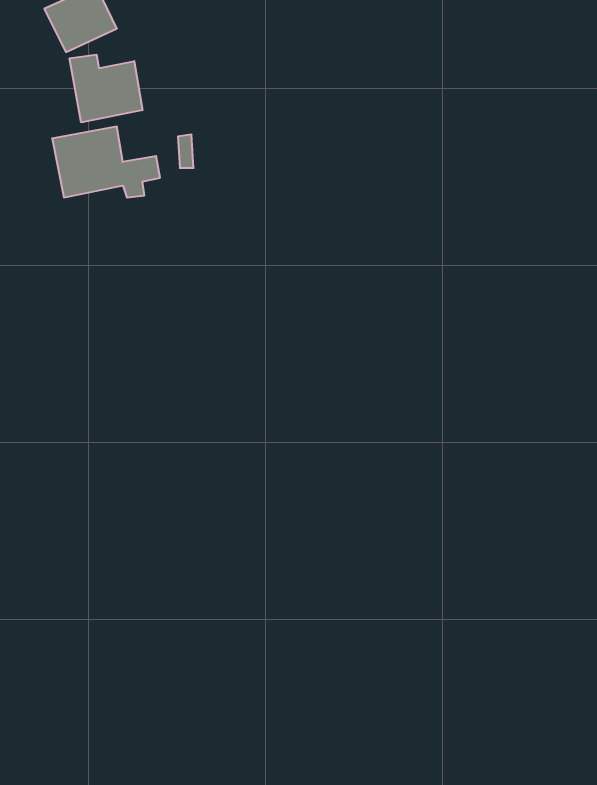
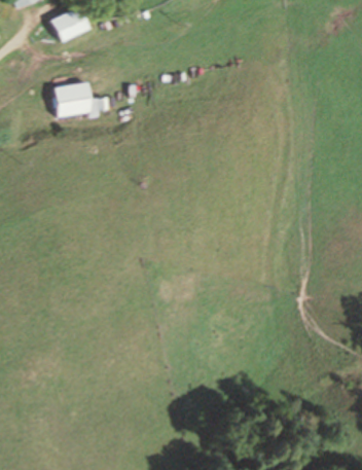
building: [70,55,142,122] -> none

